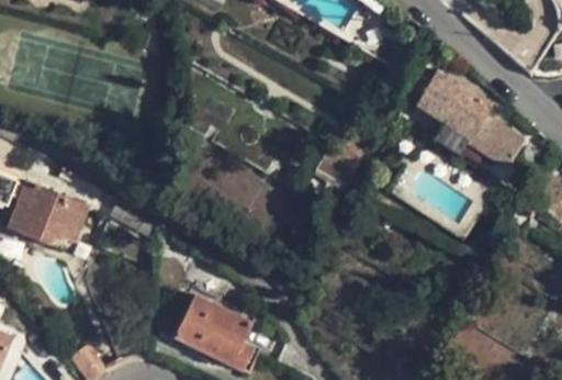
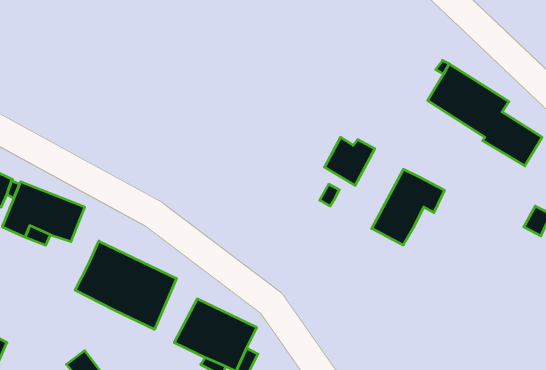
building: none -> [372,169,444,245]
building: none -> [75,241,176,329]

